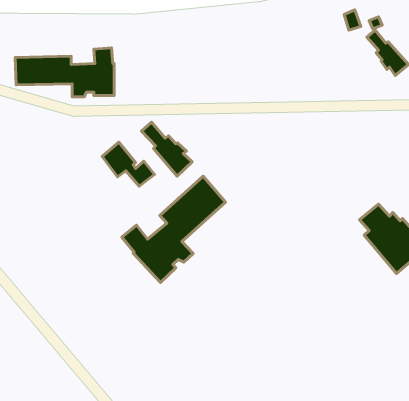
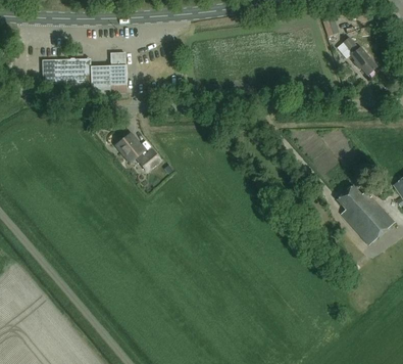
building: [142,122,192,176] -> none
building: [122,176,226,283] -> none

